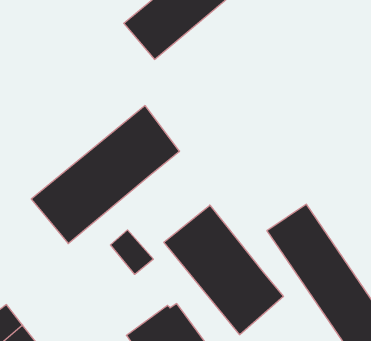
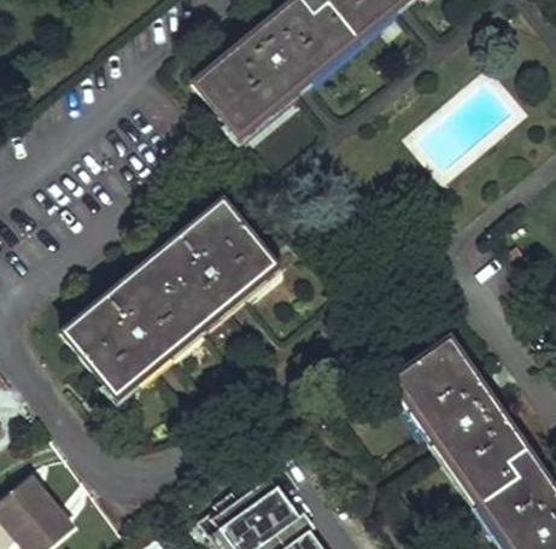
building: [164,205,283,335] -> none
building: [110,230,153,274] -> none

